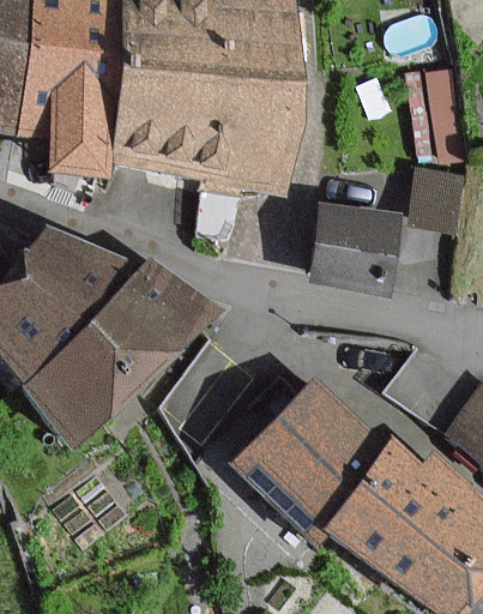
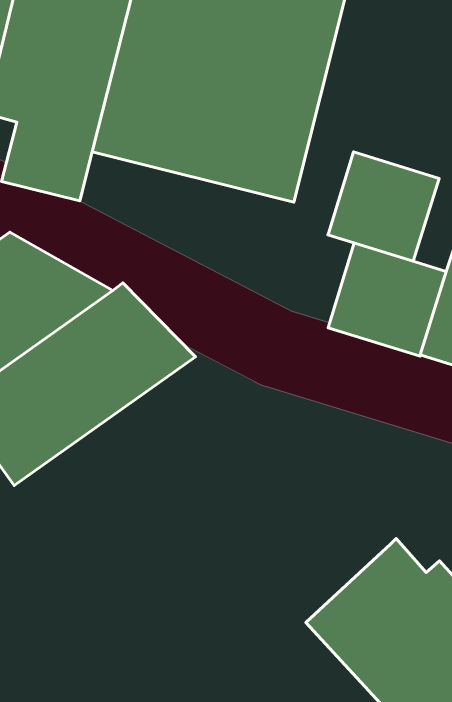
building: none -> [328,152,439,261]
building: [234,377,387,531] -> none

